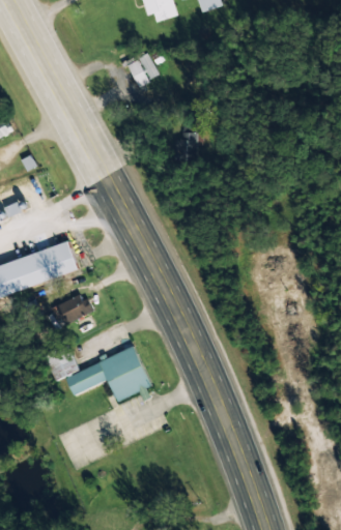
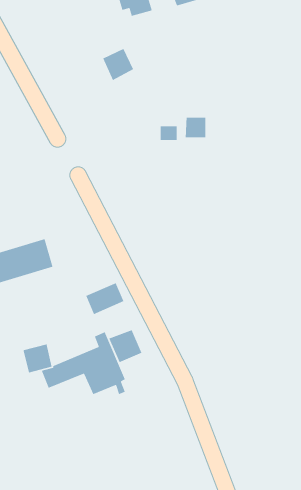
building: none -> [185,117,206,138]
building: [53,293,92,326] -> [85,282,124,315]
building: none -> [108,329,143,363]

